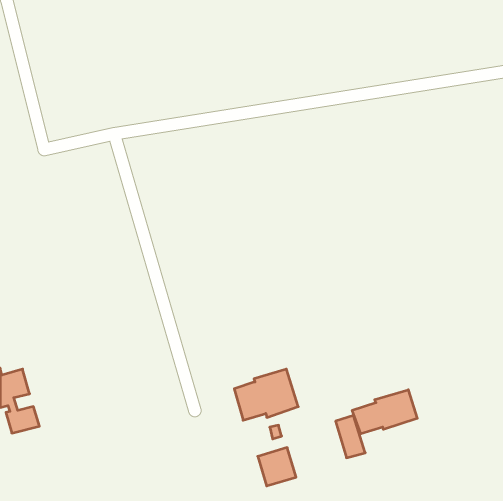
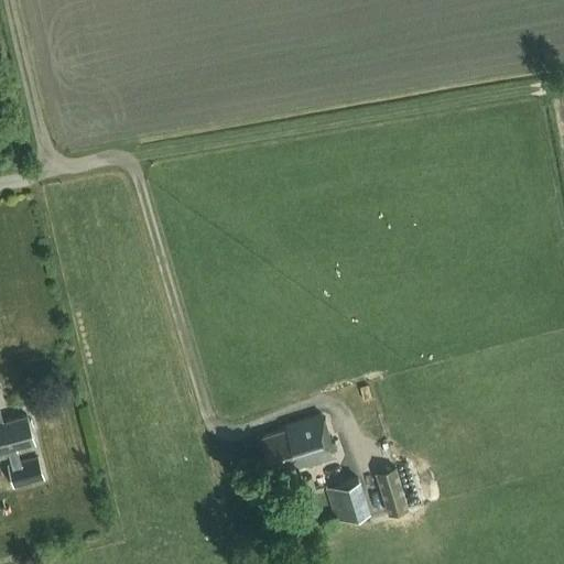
building: [352,390,417,434] -> none
building: [258,448,296,486] -> [325,480,368,523]

